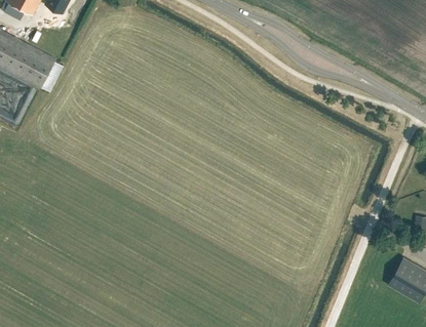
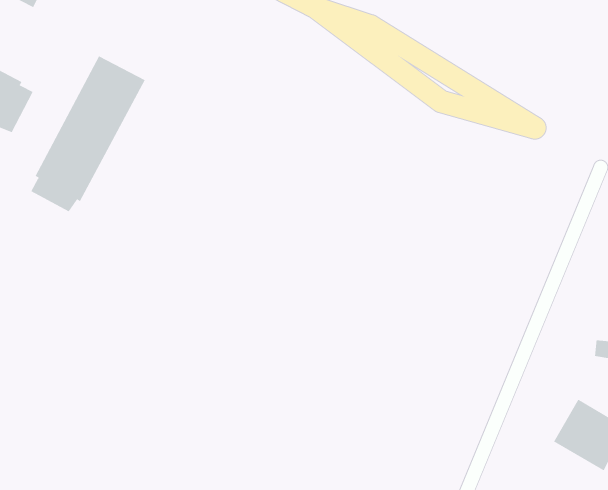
building: none -> [30,56,145,212]

